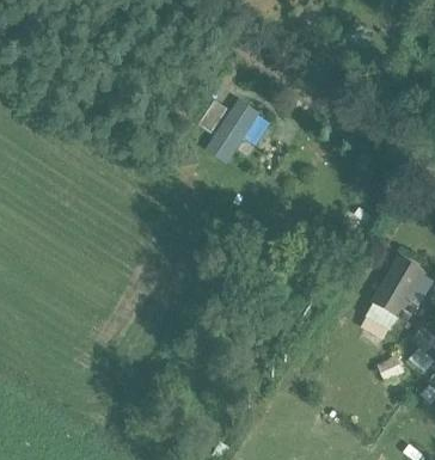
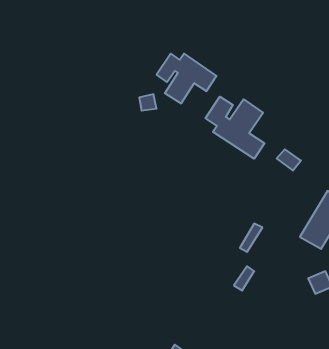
building: none -> [206,97,264,159]

